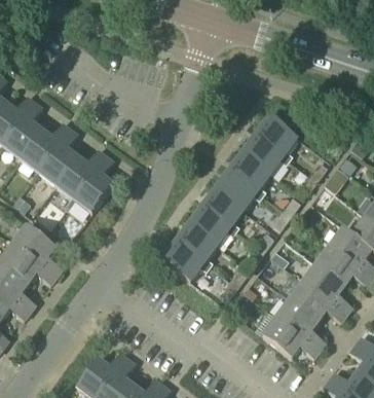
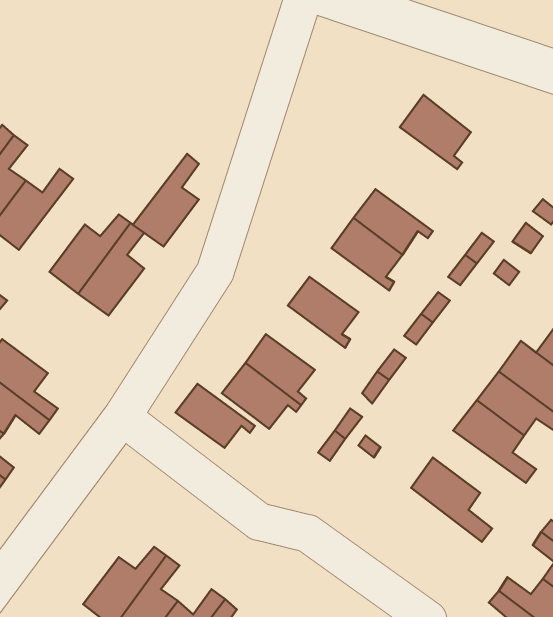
building: [255,114,298,159] -> [400,95,471,169]
building: [38,128,78,184] -> [133,154,199,247]
building: [215,170,263,209] -> none
building: [188,205,236,244] -> [176,384,255,448]
building: [290,281,346,320] -> none
building: [263,316,320,357] -> none

